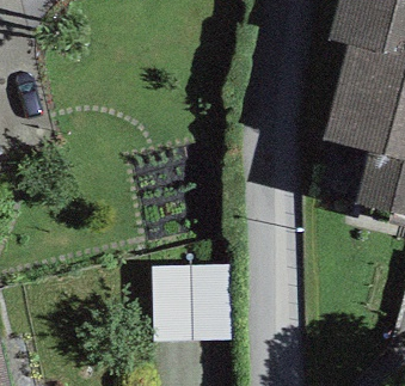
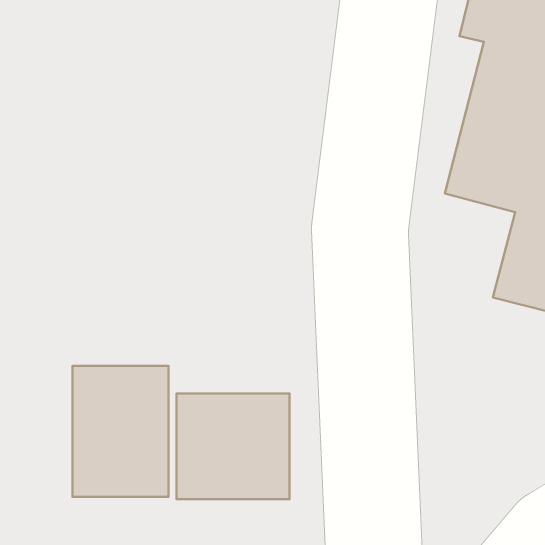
building: none -> [73,366,169,497]

